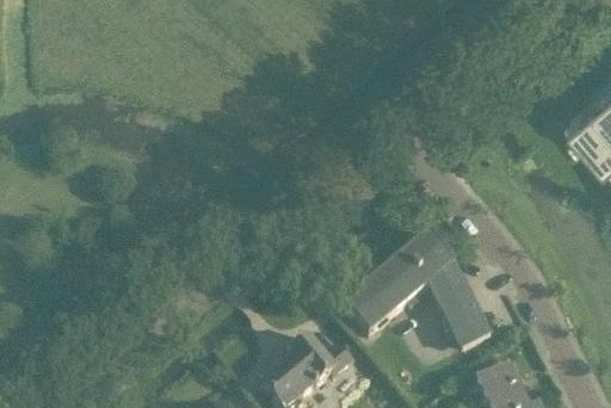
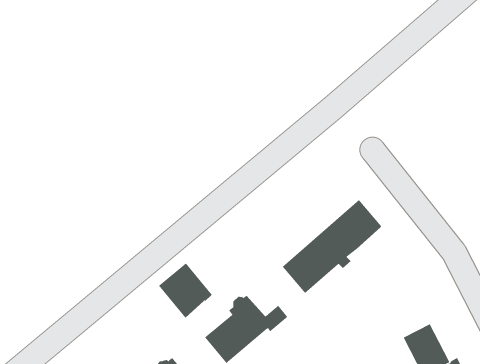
building: [426,256,489,347] -> none
building: none -> [158,263,213,318]

